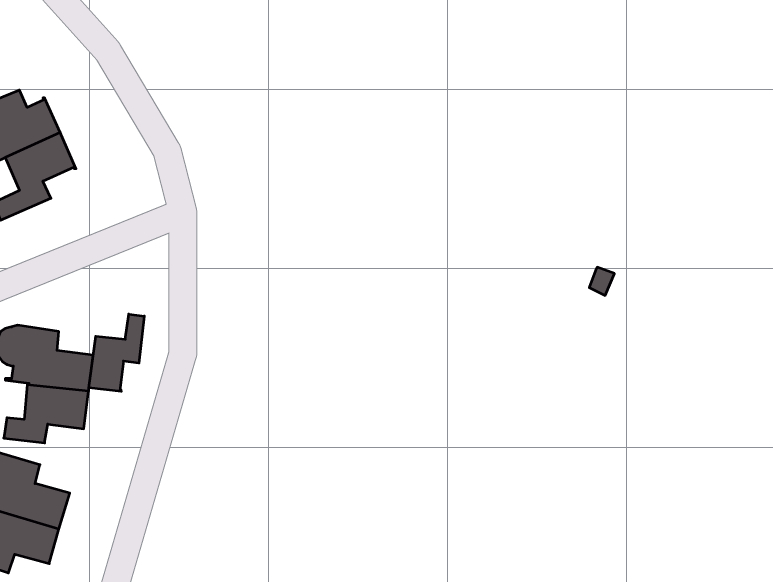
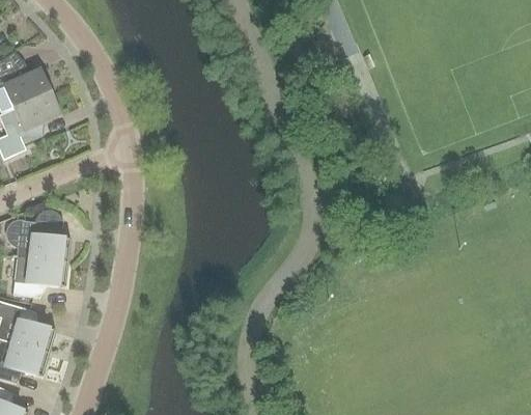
building: [89,314,144,391] -> none

